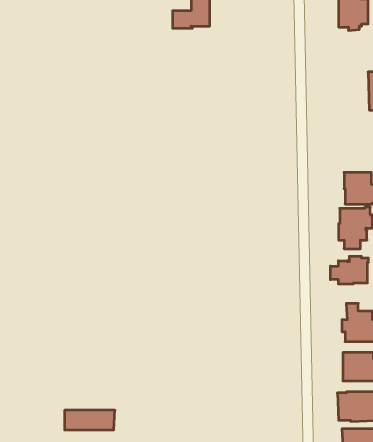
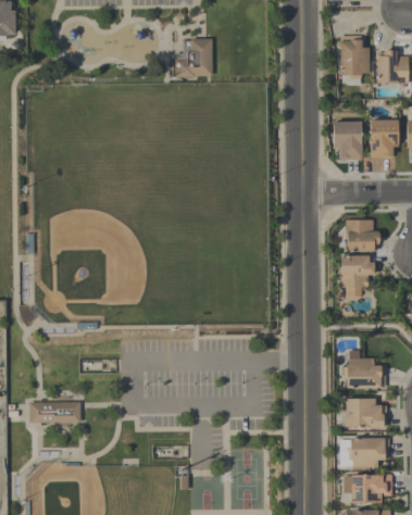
building: none -> [333,121,362,160]
building: [330,256,368,284] -> none
building: [65,410,115,430] -> [30,402,80,422]

